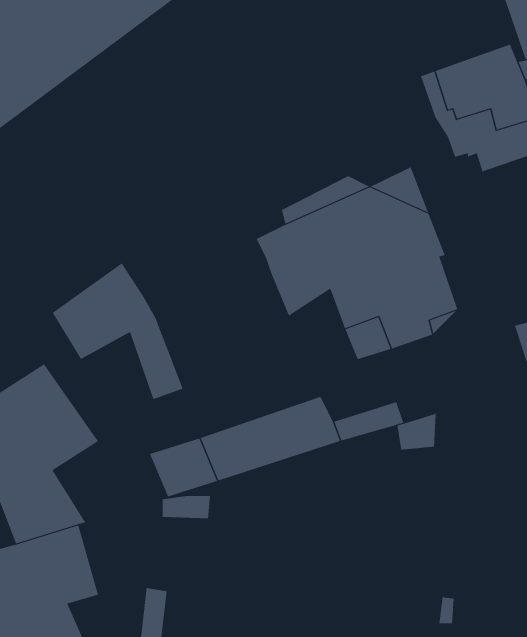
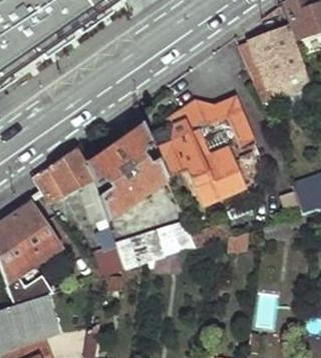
building: none -> [84,124,166,221]

